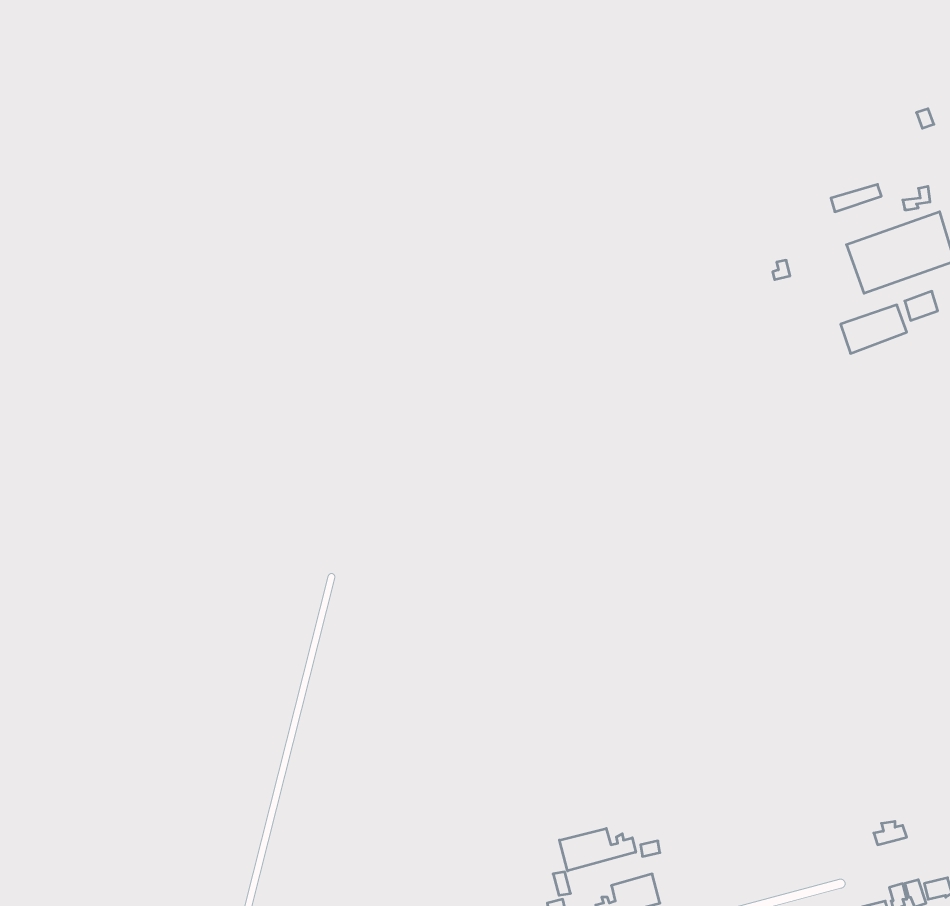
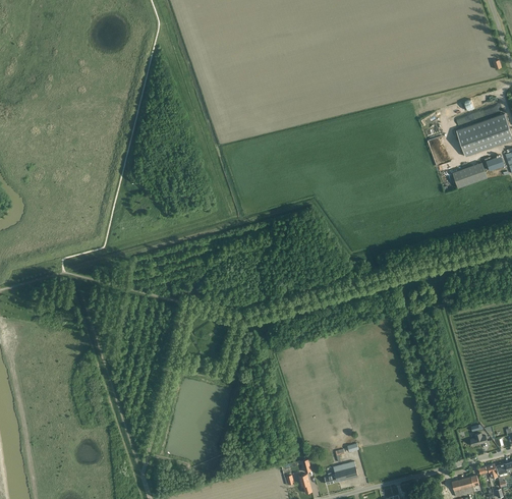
building: [559,828,636,871] -> none

